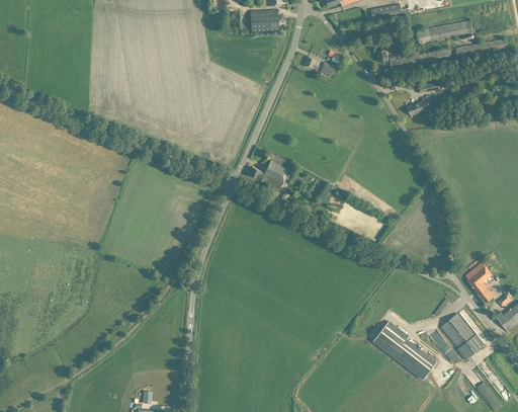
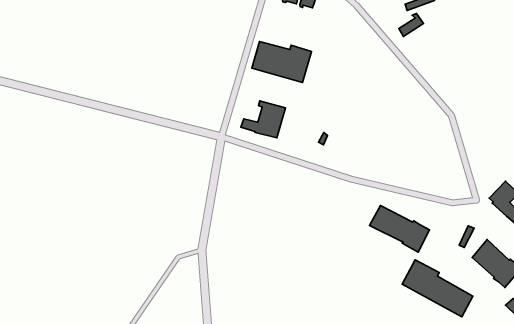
building: none -> [252,42,312,82]
building: none -> [369,206,429,252]

